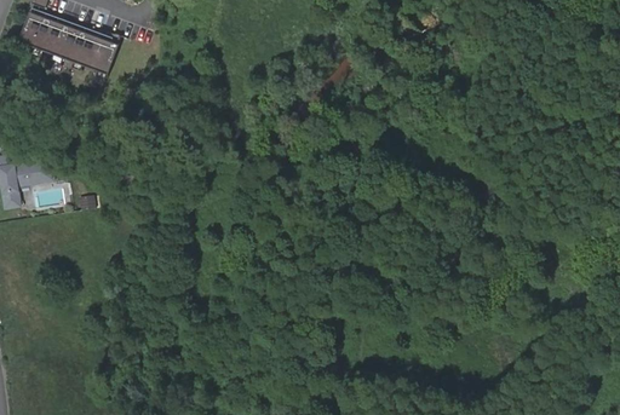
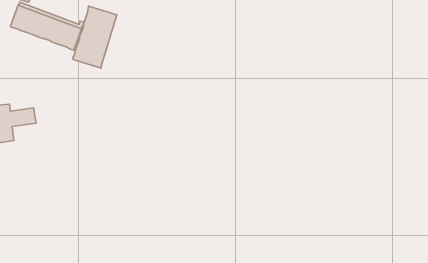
building: none -> [73,6,117,68]

